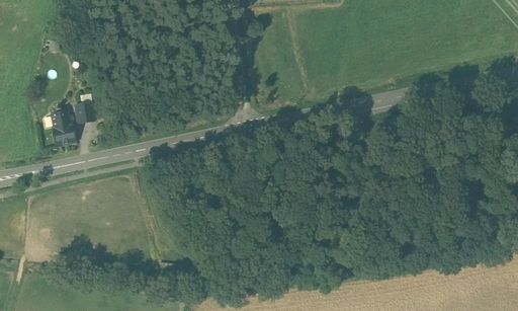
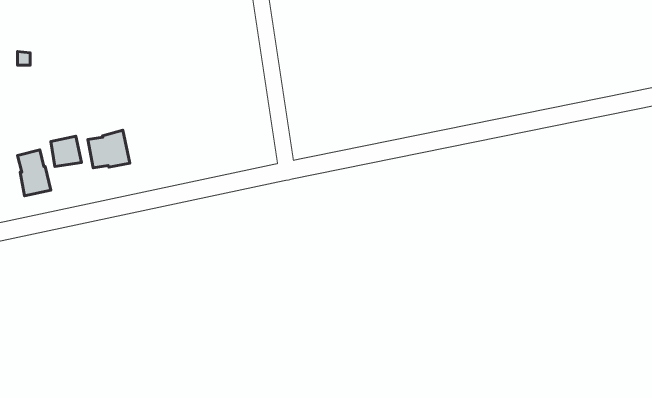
building: none -> [88,130,130,168]

